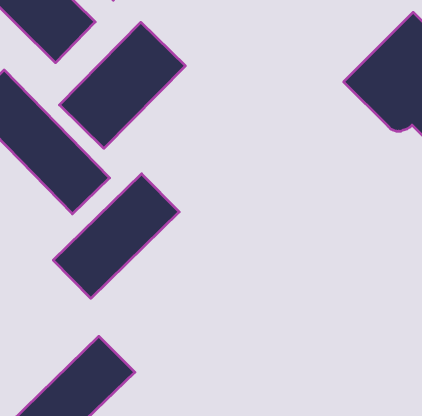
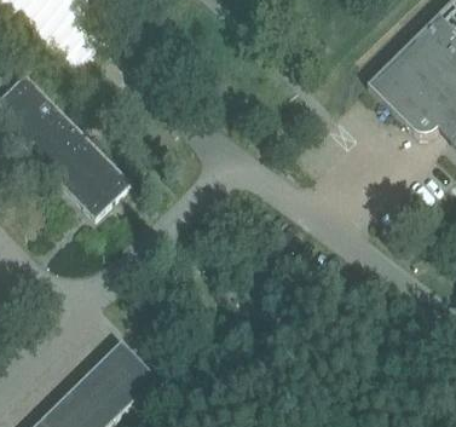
building: [59,22,185,148] -> none
building: [53,174,179,298] -> none

